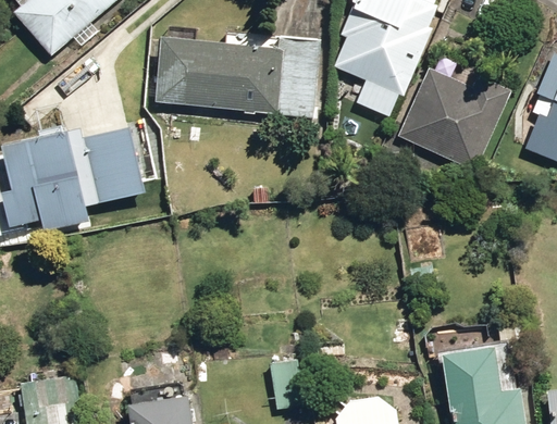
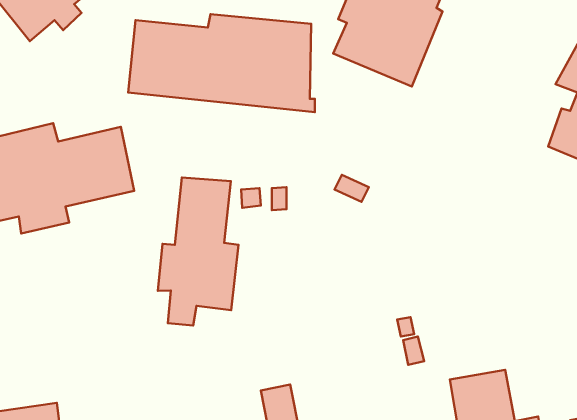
building: [396,70,507,170] -> none
building: none -> [158,177,238,326]

